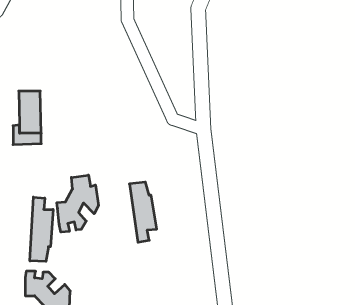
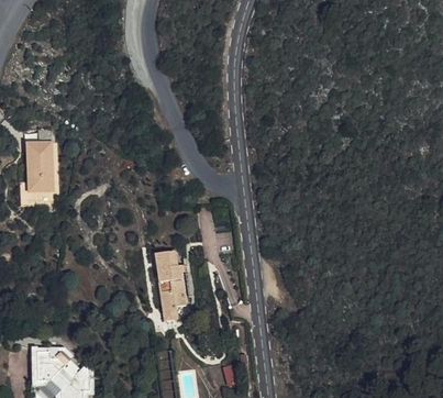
building: [57,175,98,232] -> none
building: [30,197,53,261] -> none

